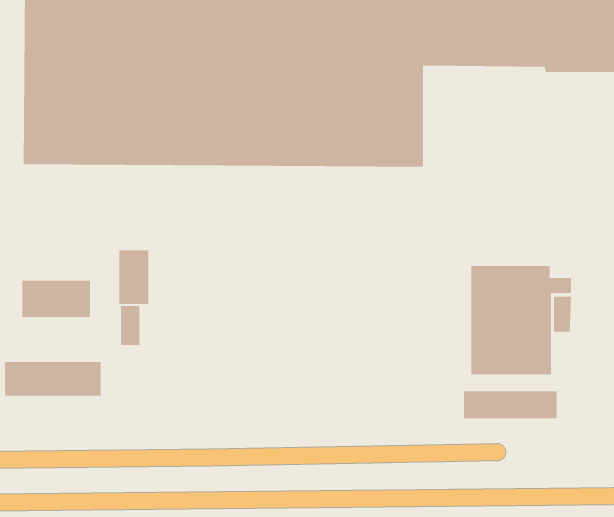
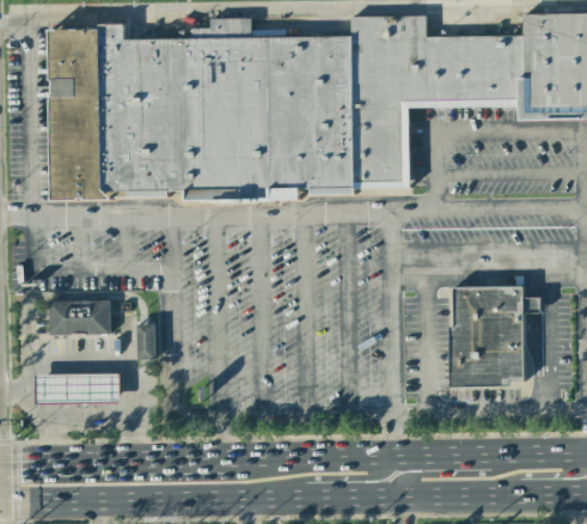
building: [119,250,149,305] -> none
building: [463,391,557,419] -> none

